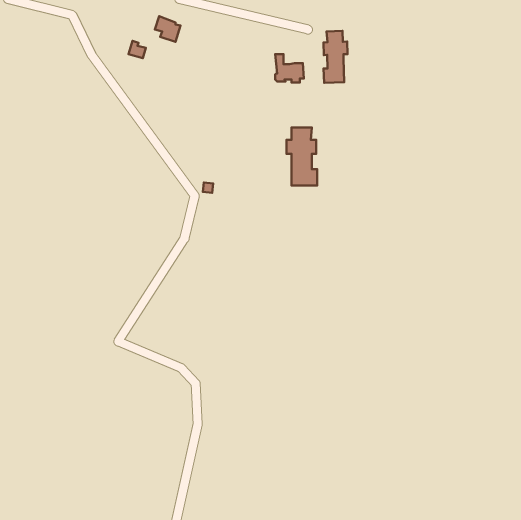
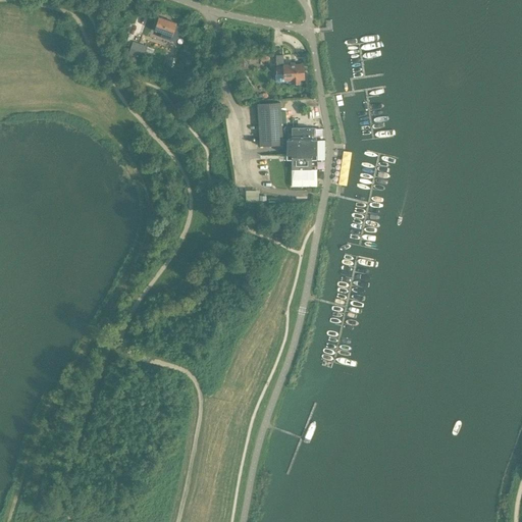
building: [324,31,347,83] -> none
building: none -> [258,102,282,145]

